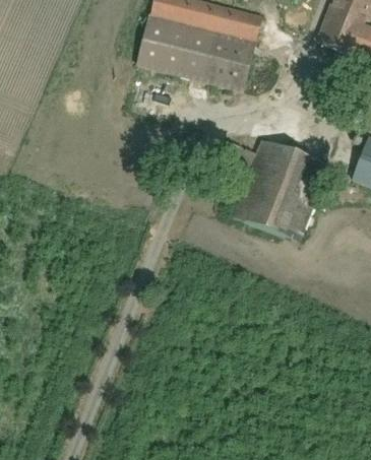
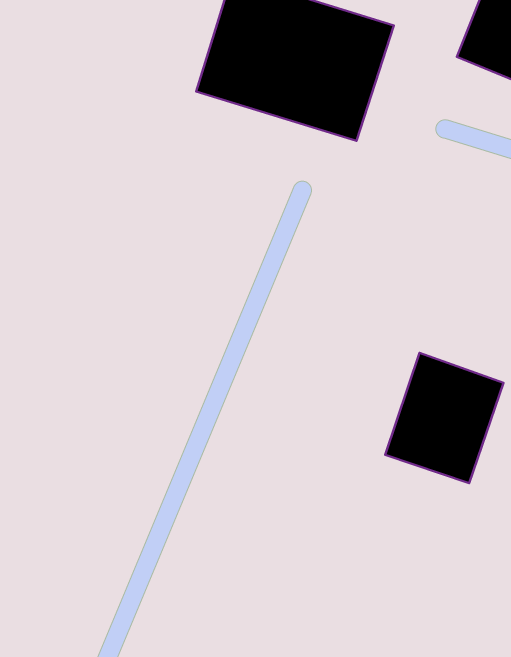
building: [237,145,317,234] -> [385,353,504,483]

